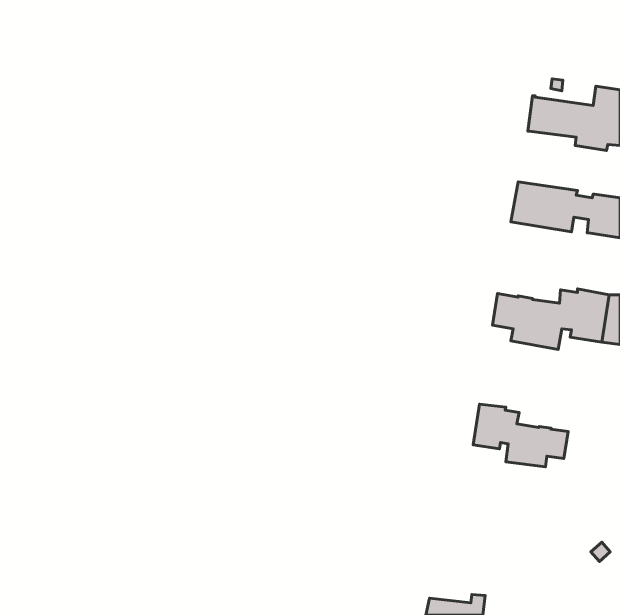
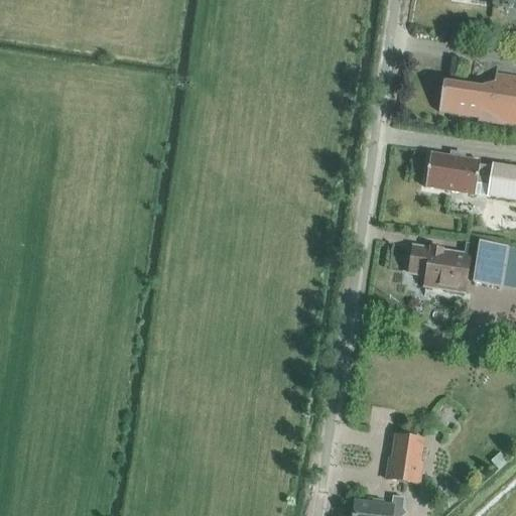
building: [473,404,568,467] -> none
building: none -> [385,433,423,482]

